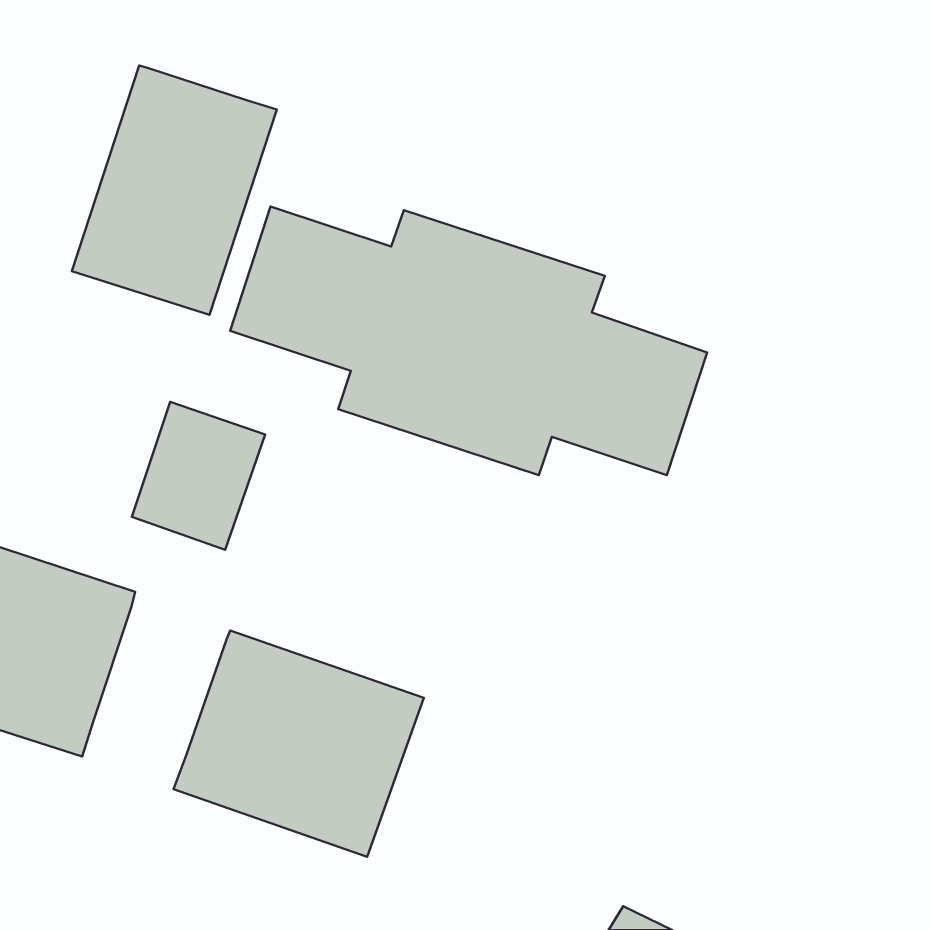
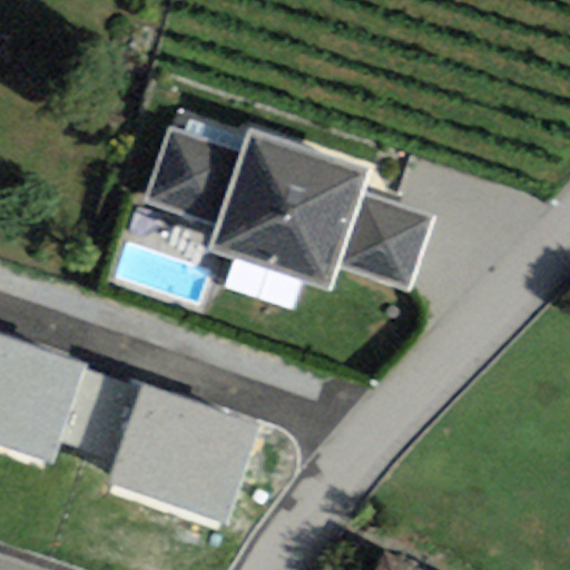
building: [72,66,277,315] -> none
building: [132,402,265,550] -> [57,370,138,460]

